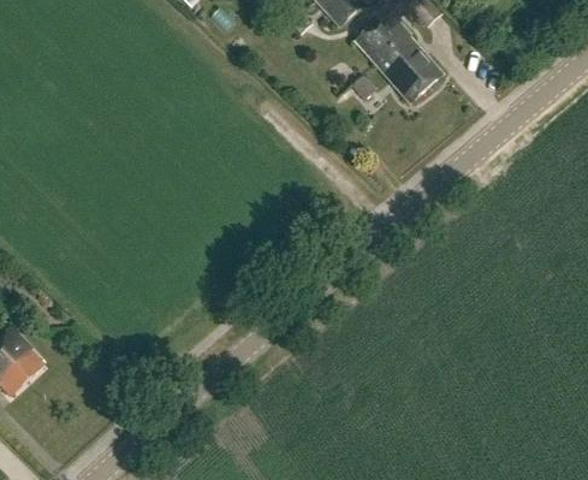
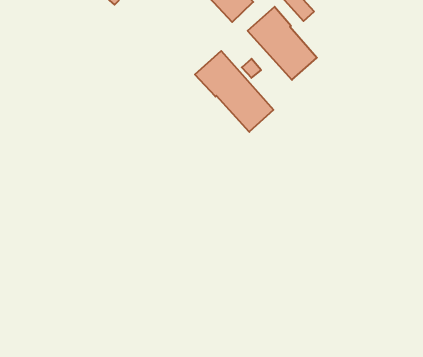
building: none -> [195,51,273,132]

